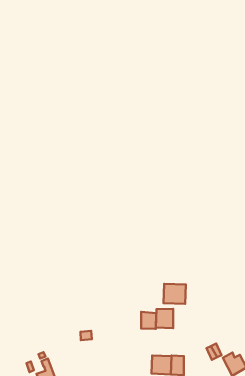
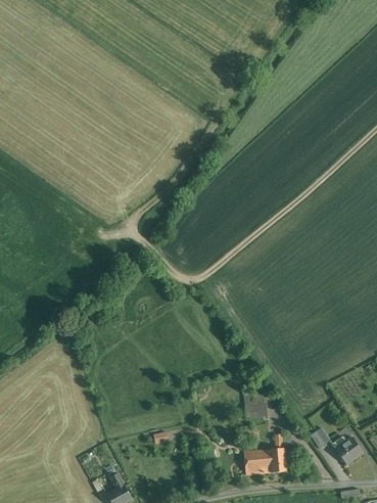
building: [163,284,186,304] -> none
building: [141,312,156,329] -> none

